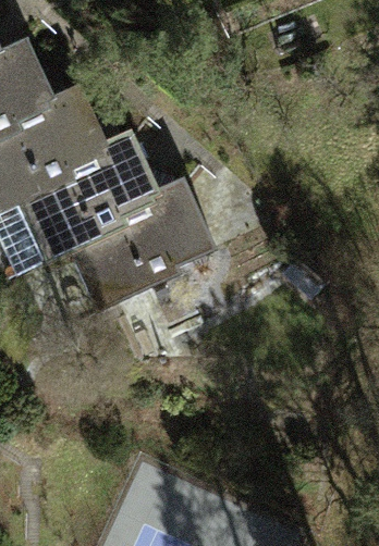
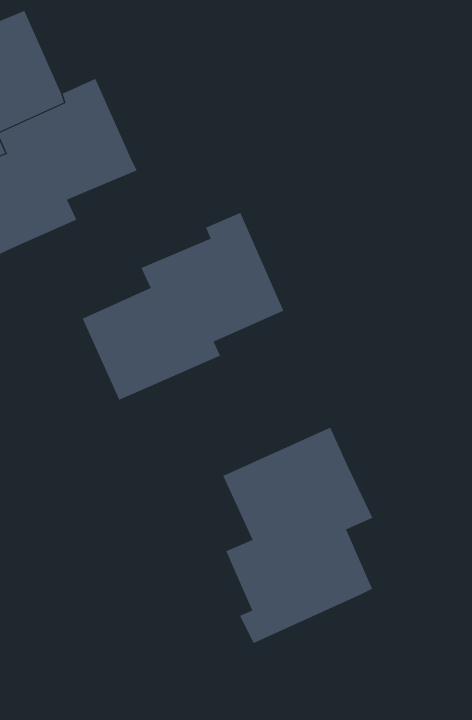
building: [17,134,158,265] -> none
building: none -> [222,427,373,644]

